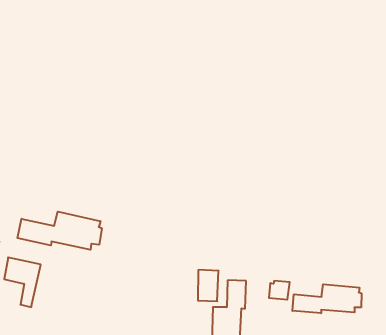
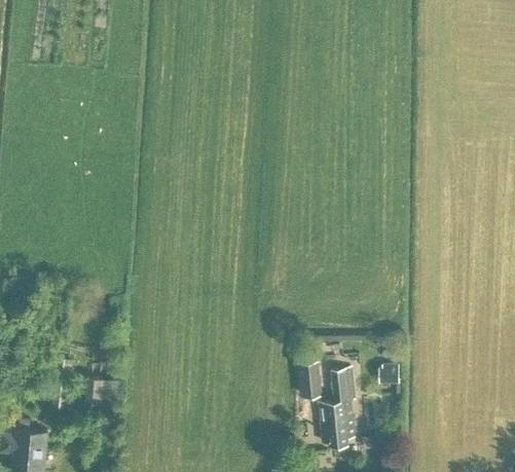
building: [17,212,102,250] -> none
building: [292,284,362,313] -> none

